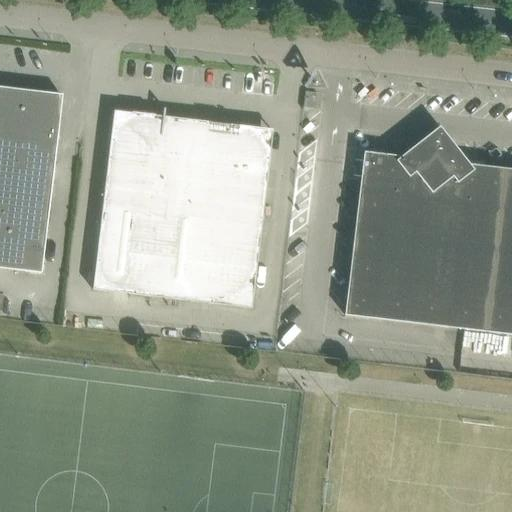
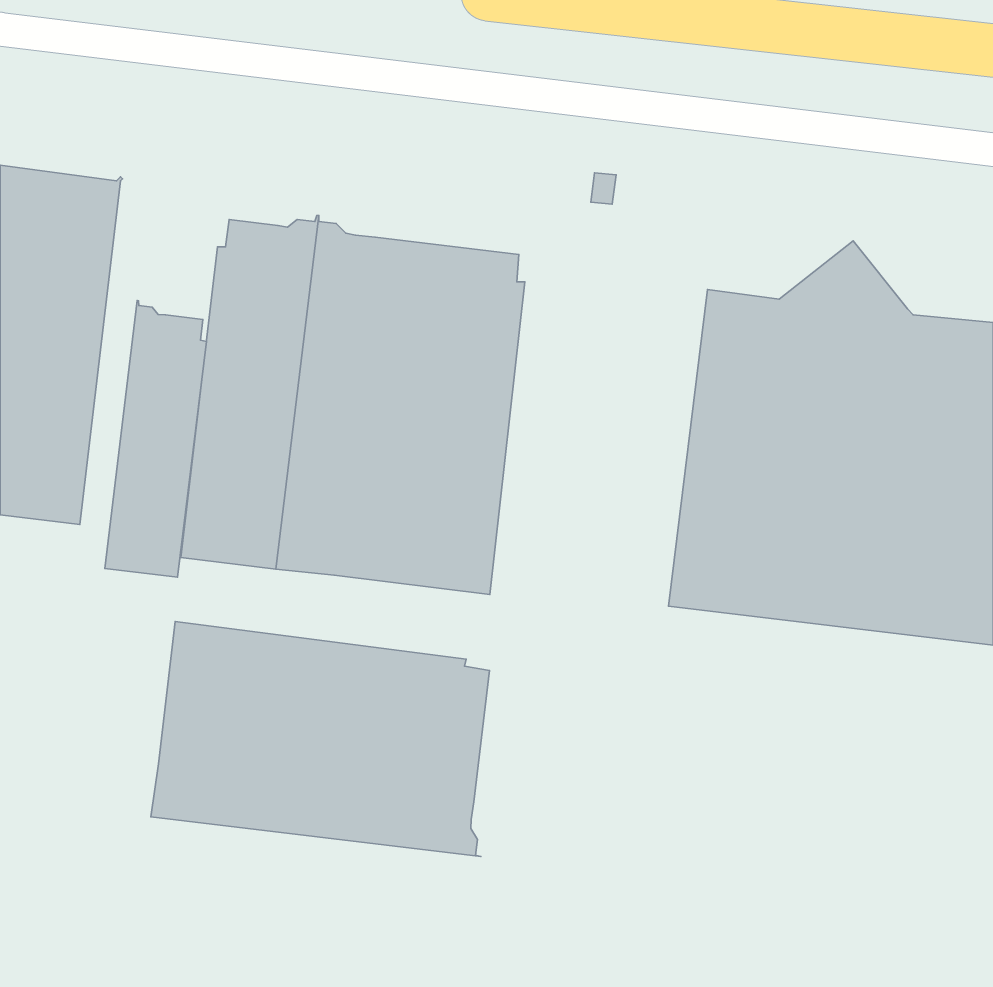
building: none -> [105,300,206,577]
building: none -> [151,622,490,857]

